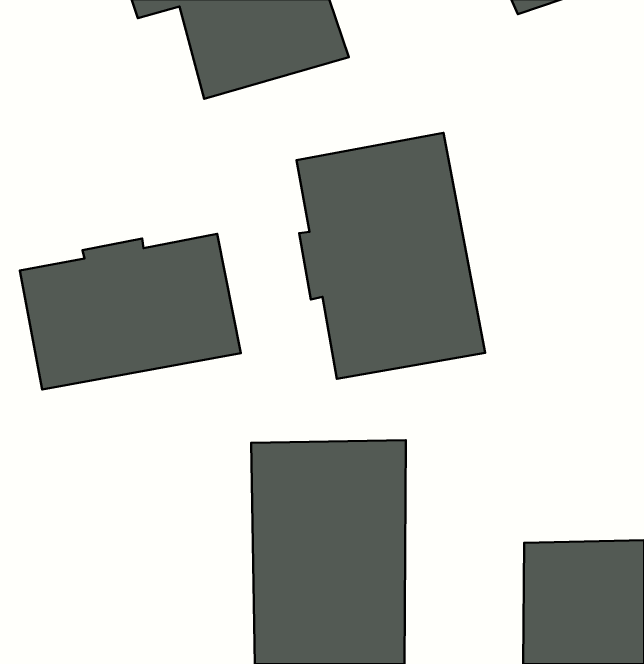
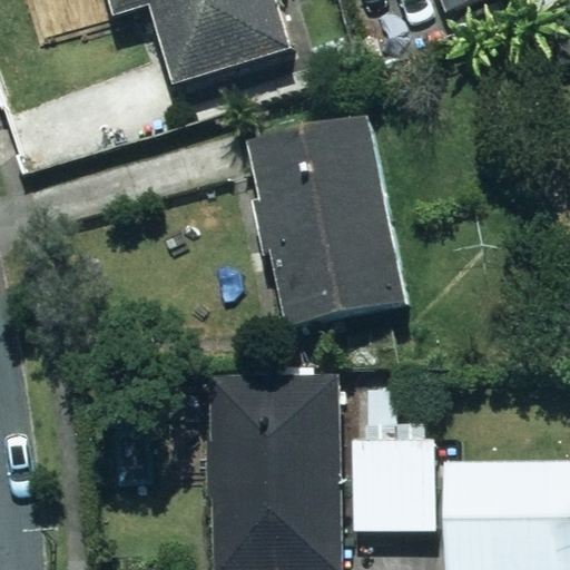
building: [20,234,241,389] -> none
building: none -> [353,438,438,531]

